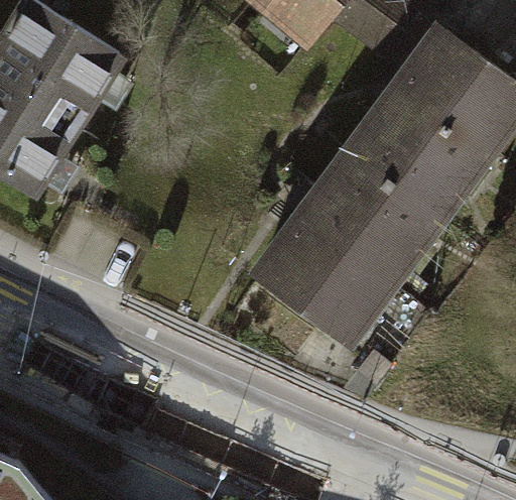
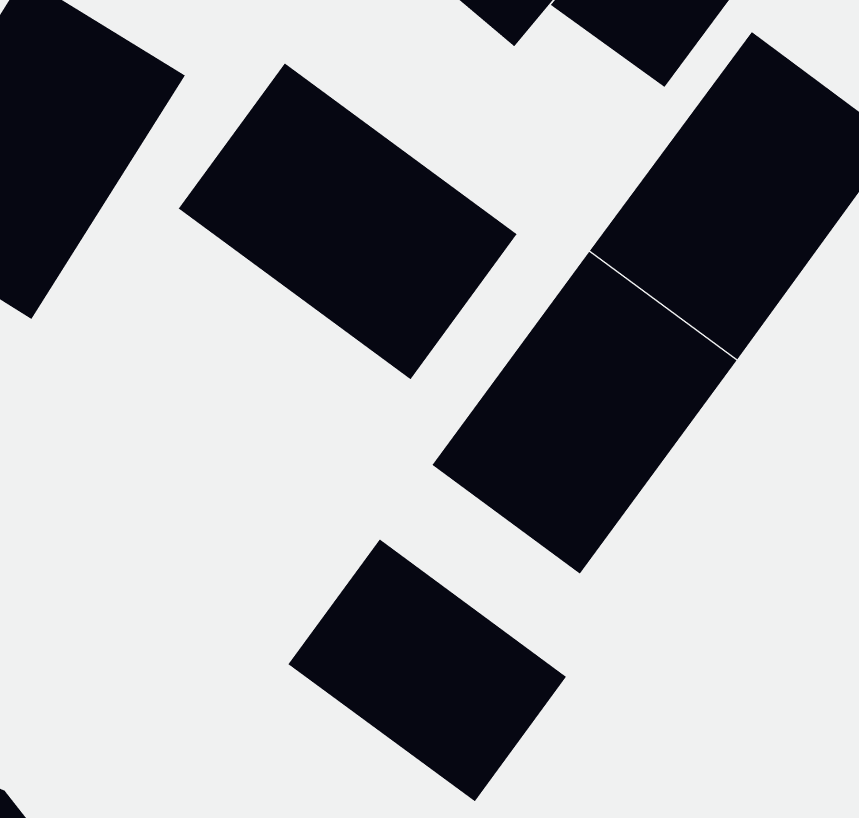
building: none -> [178,63,518,380]
building: none -> [288,539,567,802]

